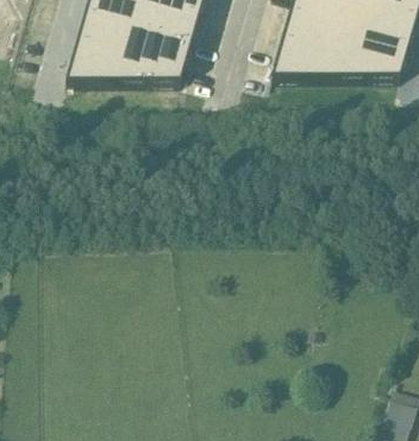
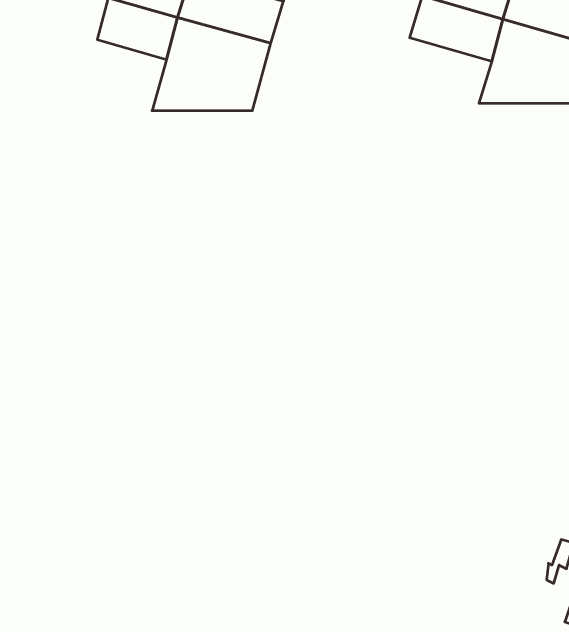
building: [271,29,337,71] -> none
building: [65,30,125,76] -> none

